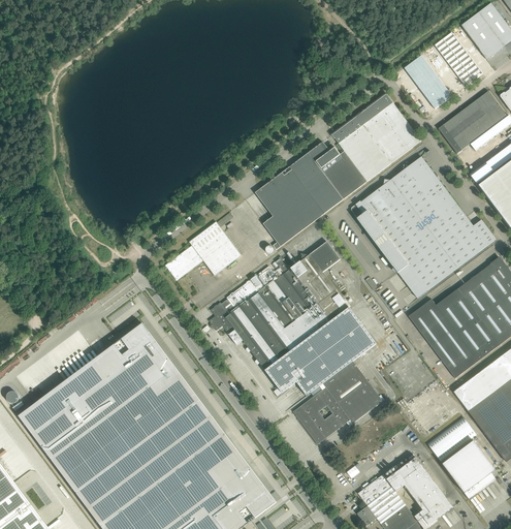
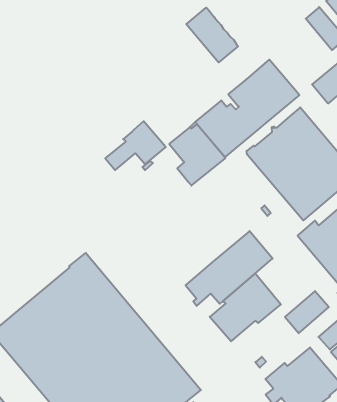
building: none -> [186,8,238,62]
building: [404,55,453,110] -> none
building: [165,221,242,280] -> [105,121,166,170]
building: [209,241,349,370] -> none
building: none -> [285,291,329,333]

